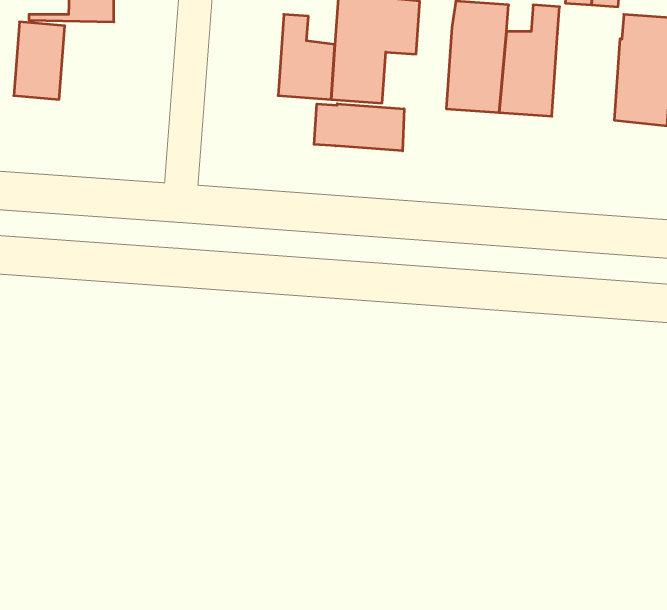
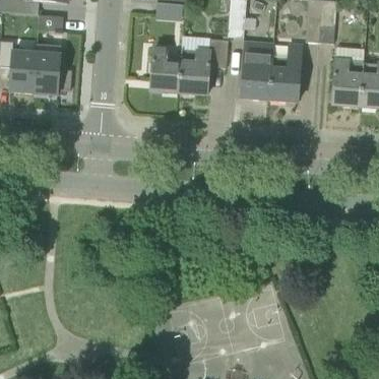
building: none -> [33,53,60,94]
building: [314,104,404,151] -> none

